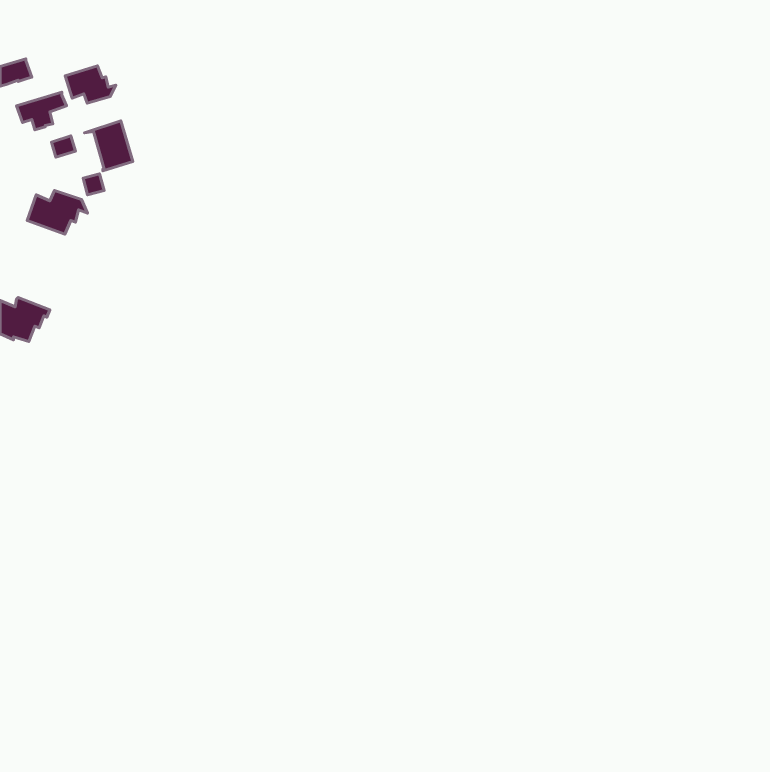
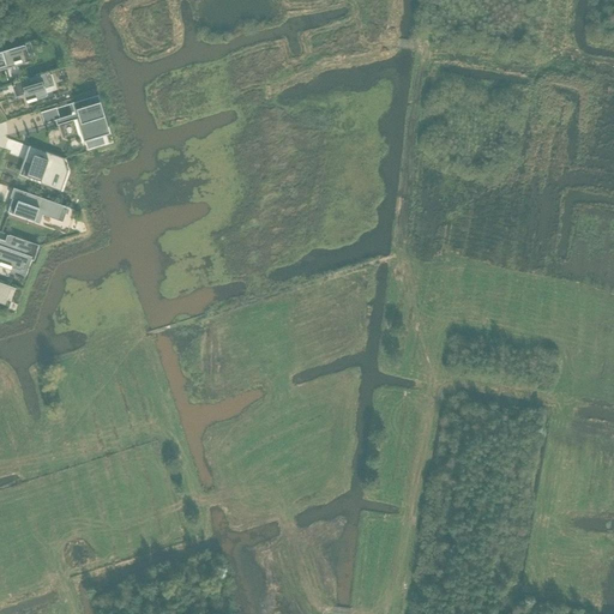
building: [65,66,116,103] -> none
building: none -> [8,192,65,222]

